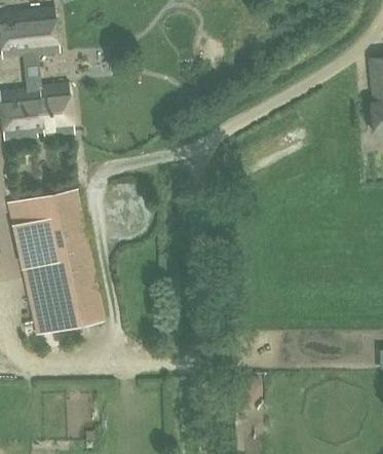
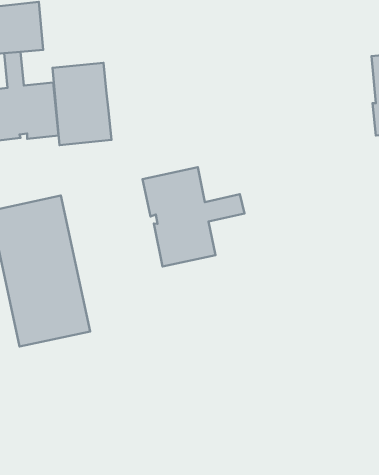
building: none -> [52,63,112,145]
building: none -> [143,167,245,266]

